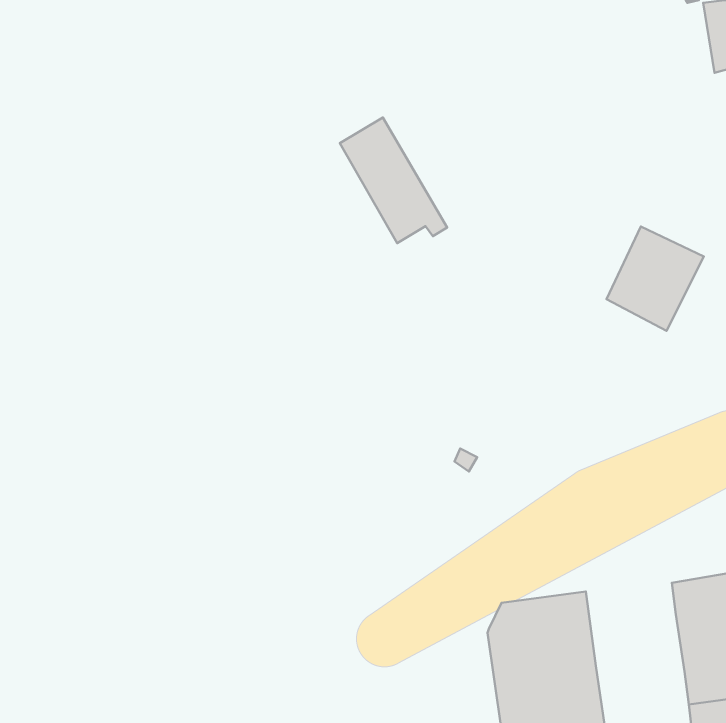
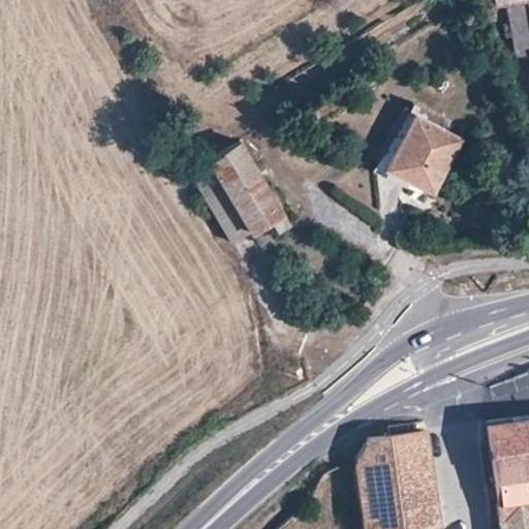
building: [340,117,447,243] -> [212,144,289,235]
building: [607,226,704,331] -> [390,118,460,193]

